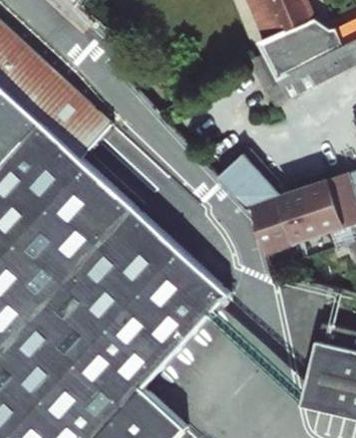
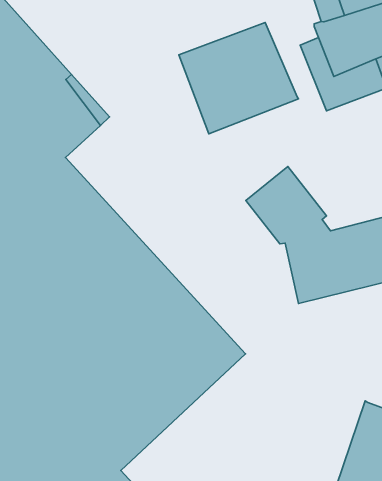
building: none -> [179,22,298,134]

